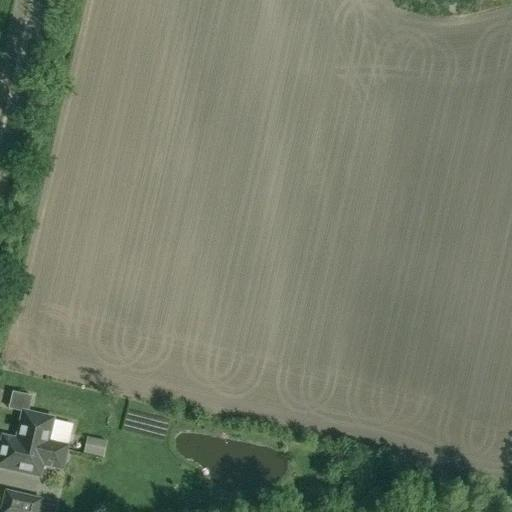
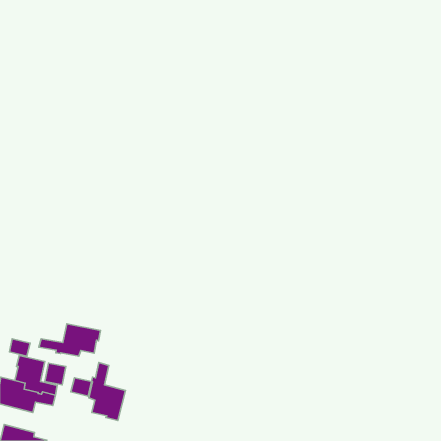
building: none -> [39,324,101,356]
building: none -> [89,362,125,421]

